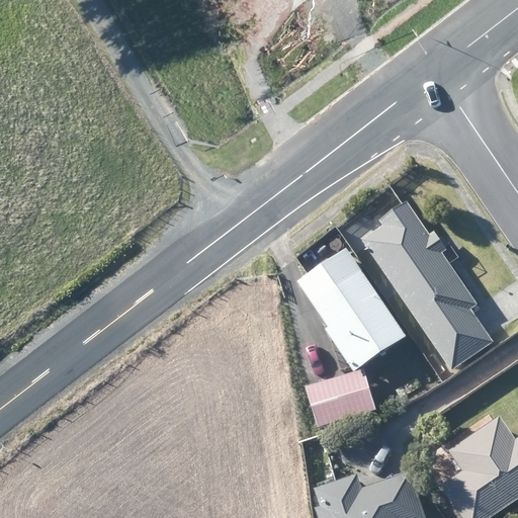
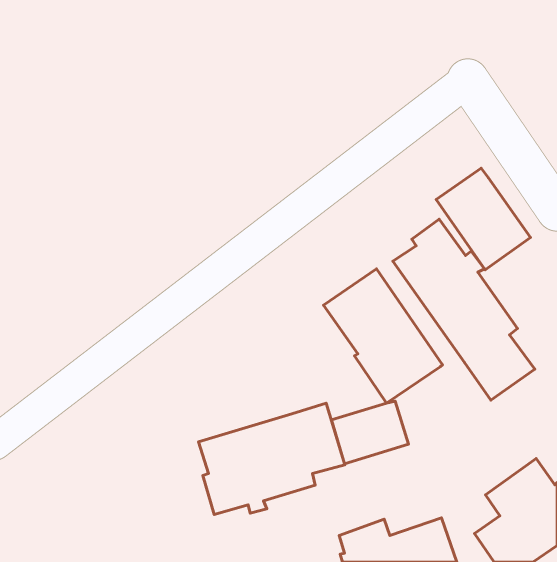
building: none -> [436,168,531,270]
building: none -> [198,403,345,514]

